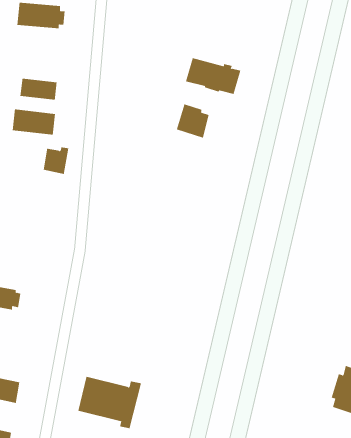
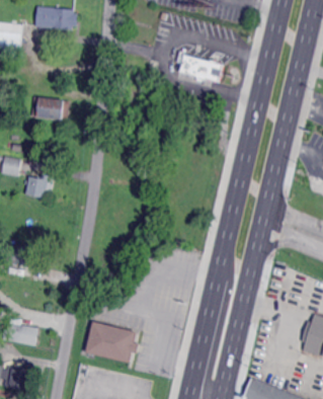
building: [20,78,57,101] -> none
building: [176,103,209,138] -> none
building: [43,147,69,174] -> [25,176,48,200]

